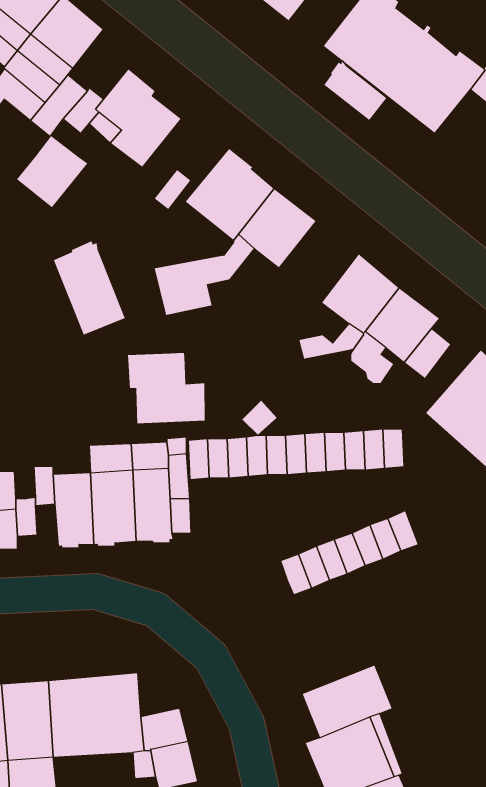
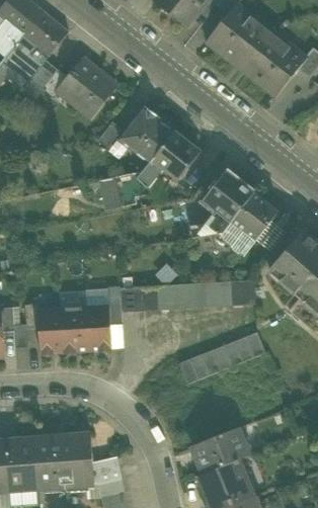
building: [323,61,387,121] -> none
building: [16,135,88,208] -> none
building: [53,240,125,335] -> none
building: [127,352,205,424] -> none

